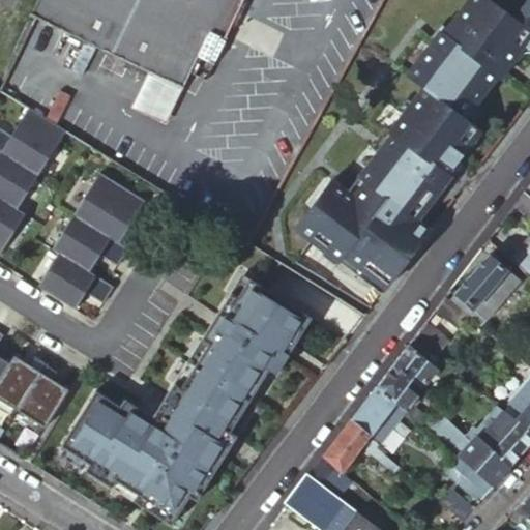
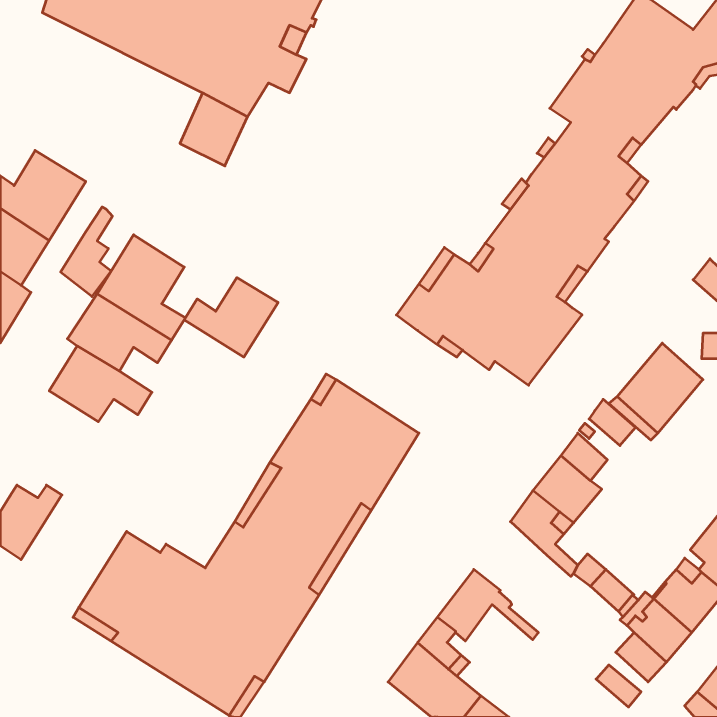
building: none -> [61,207,112,297]
building: none -> [184,278,278,357]
building: [17,364,68,430] -> none
building: [350,384,404,443] -> none

